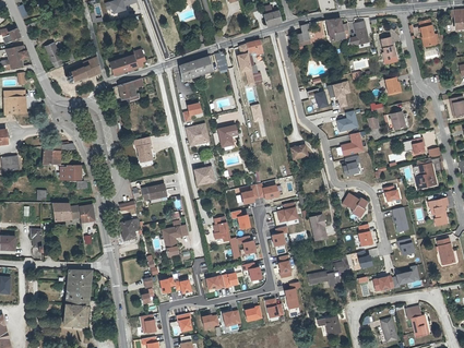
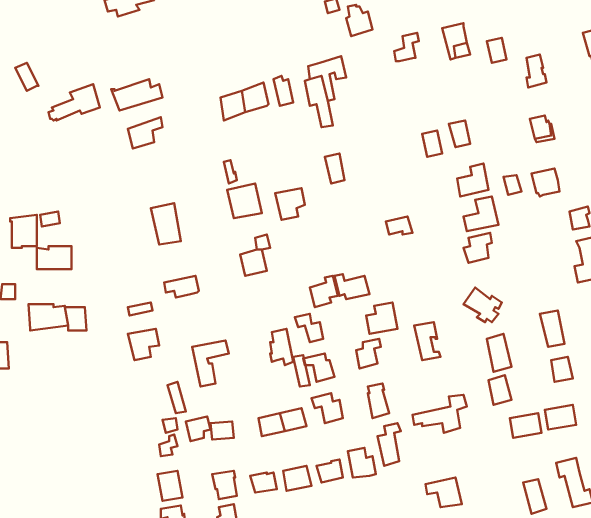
building: [62,269,92,326] -> none

